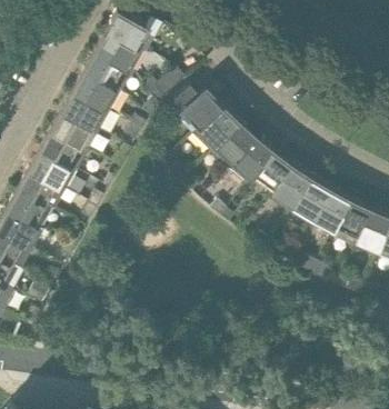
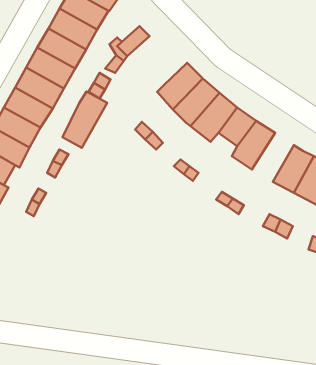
building: [169,84,225,128] -> none
building: none -> [62,92,107,148]
building: [289,176,331,225] -> none

